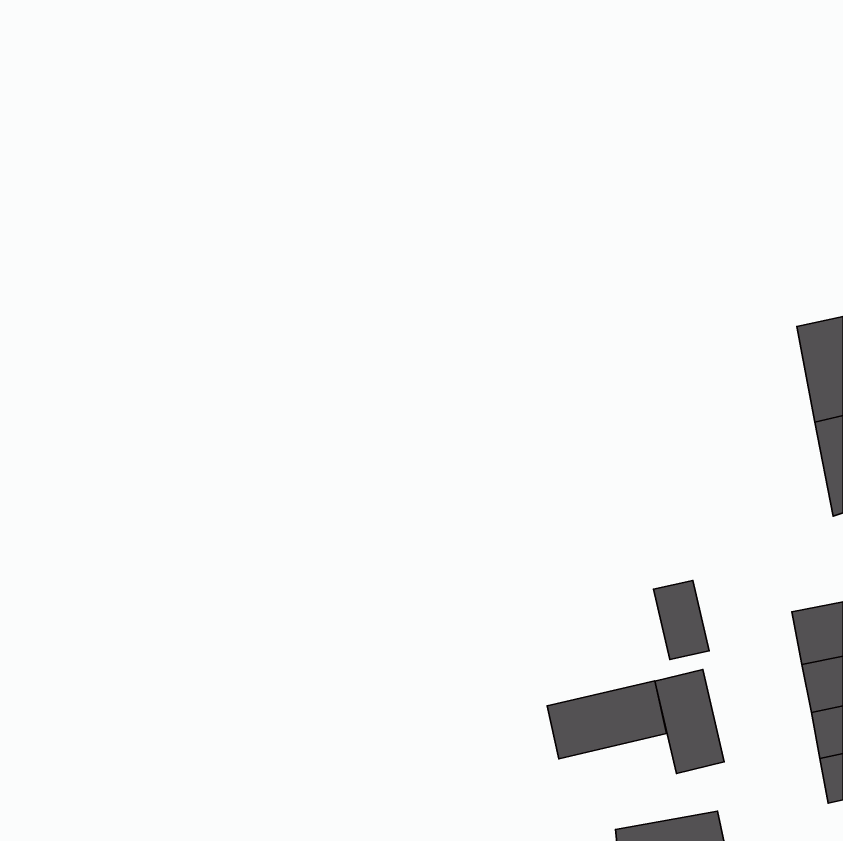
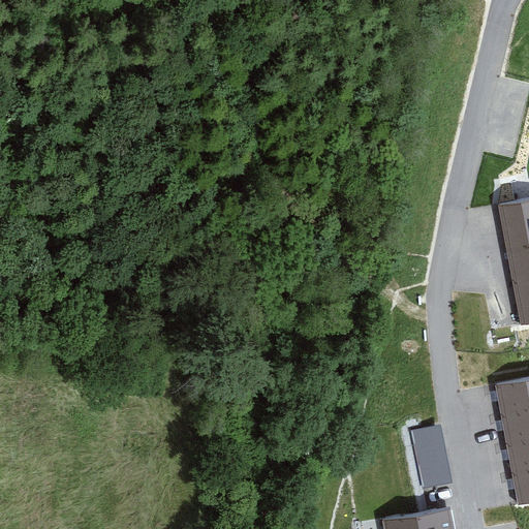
building: [654,580,709,659] -> none
building: [547,681,667,759] -> none

